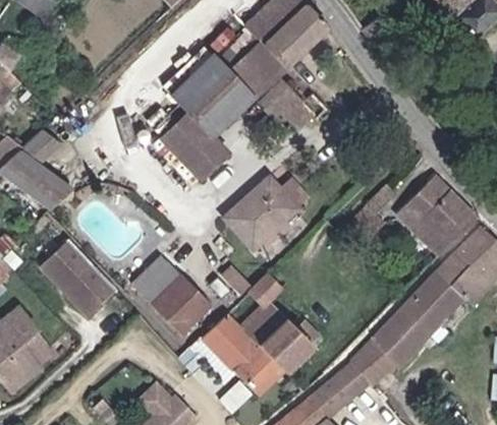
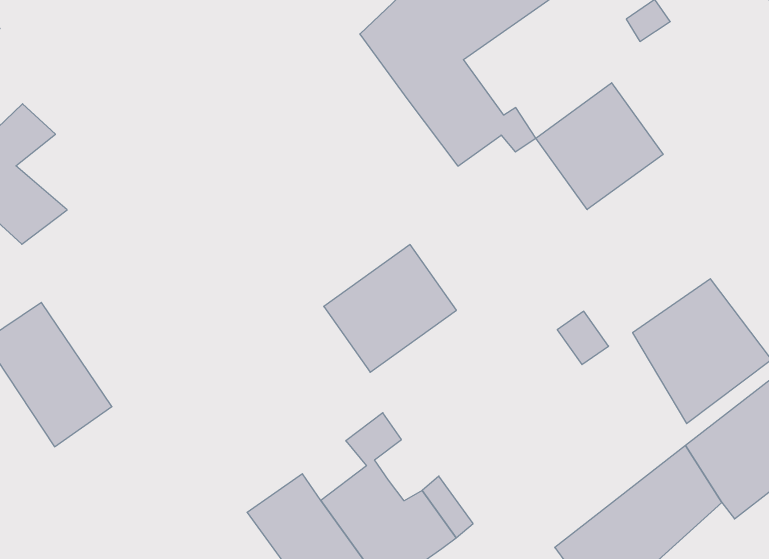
building: [164,57,257,180] -> none
building: none -> [536,83,663,210]
building: [135,259,208,333] -> none

